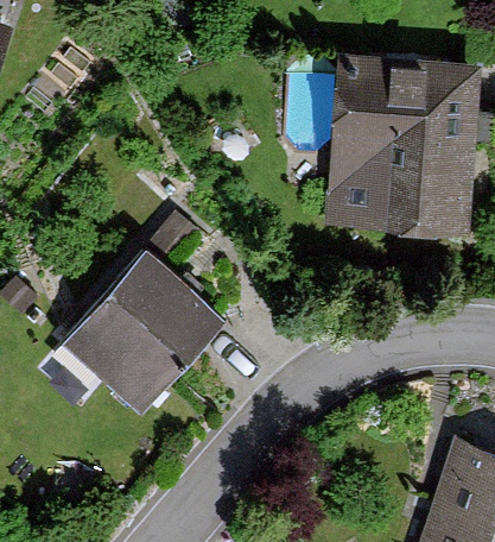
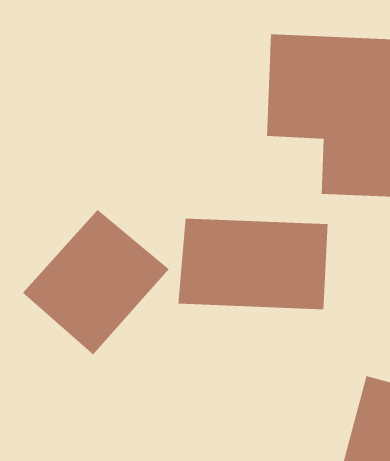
building: none -> [178,218,328,310]

